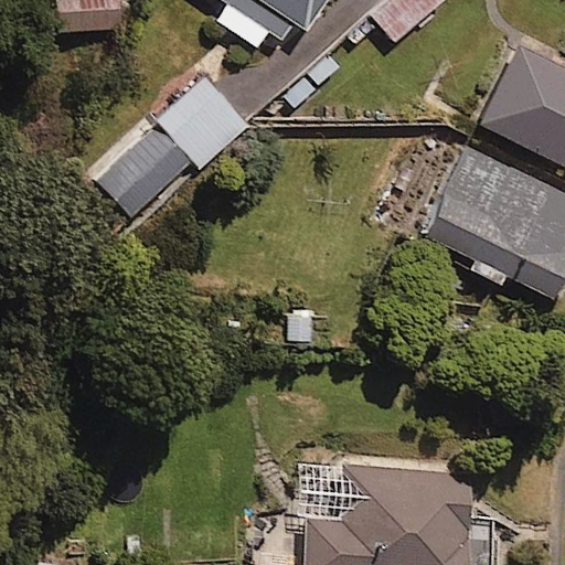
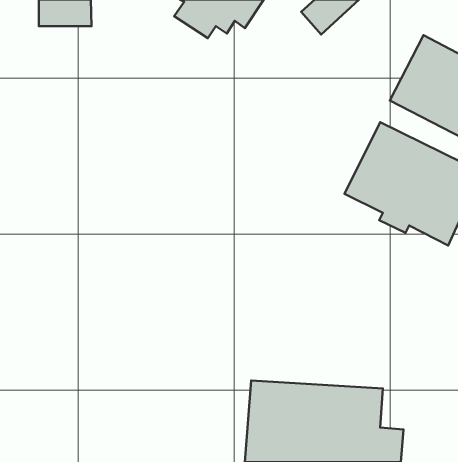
building: [96,78,246,218] -> none

